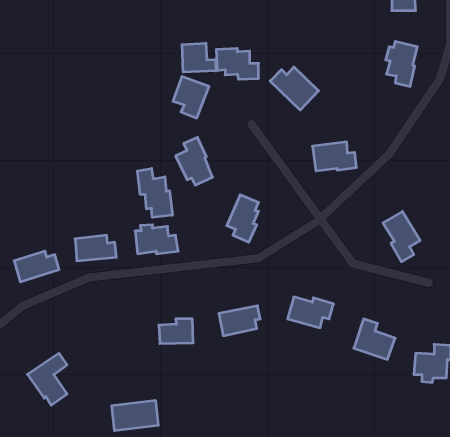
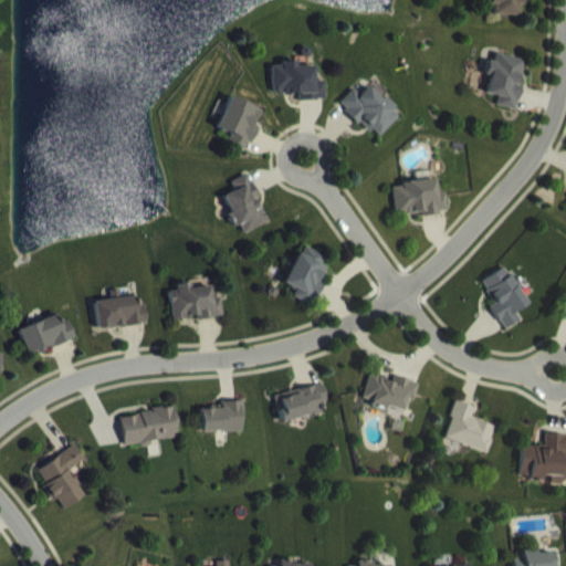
building: [182,43,216,72] -> none
building: [137,168,172,217] -> none
building: [112,401,158,431] -> [120,407,179,444]

